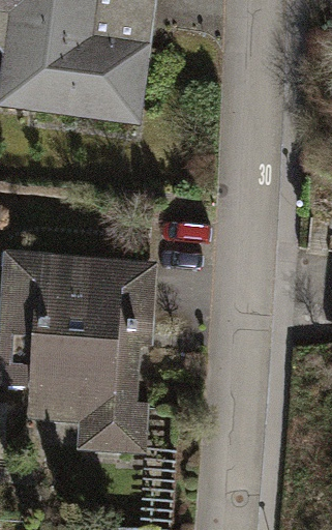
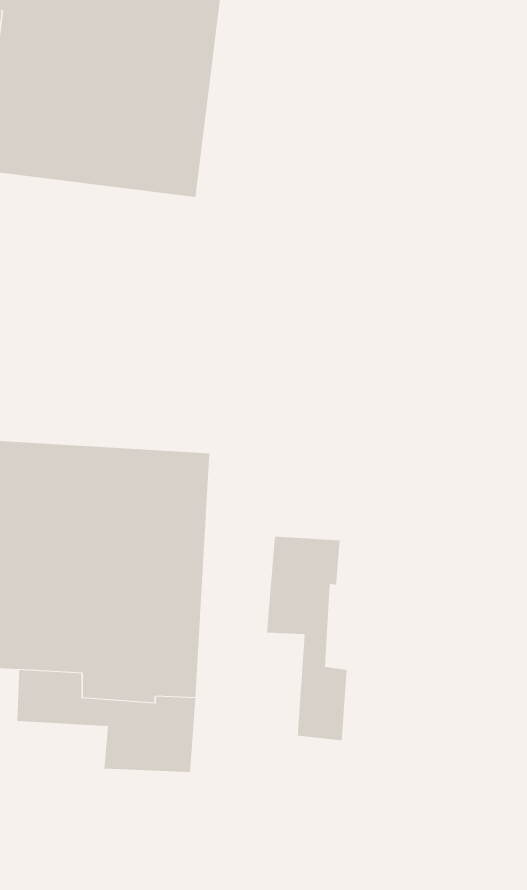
building: none -> [266,536,347,741]

